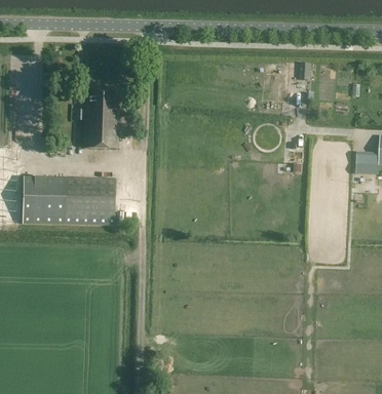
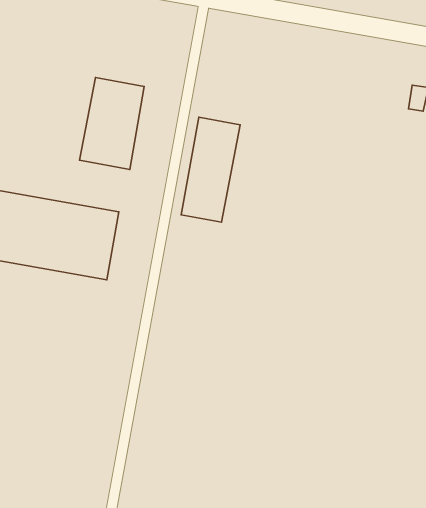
building: none -> [181,117,240,222]

